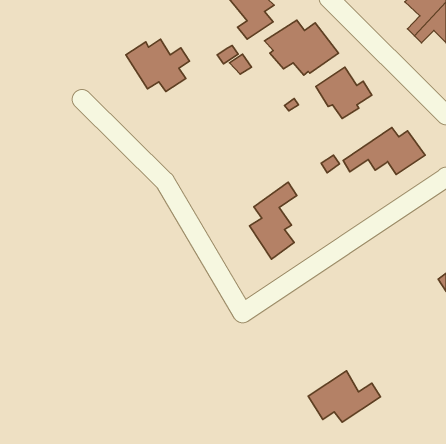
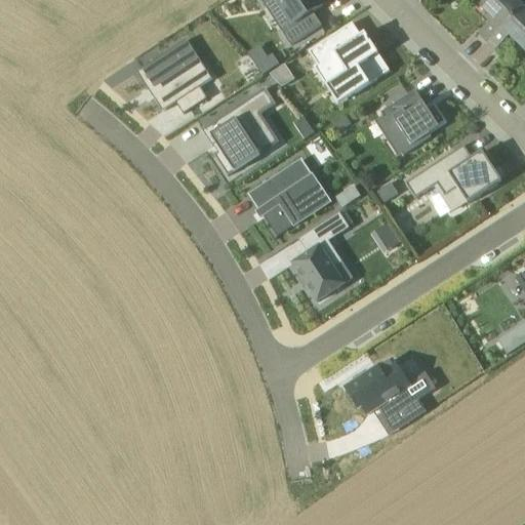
building: none -> [207,84,282,172]
building: none -> [248,158,329,237]
building: [308,371,380,422] -> [345,361,430,421]

